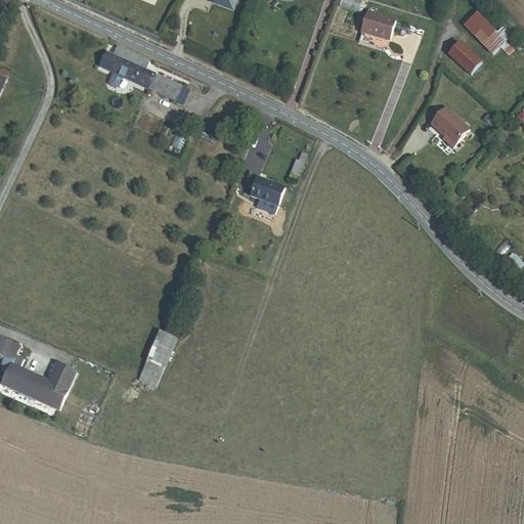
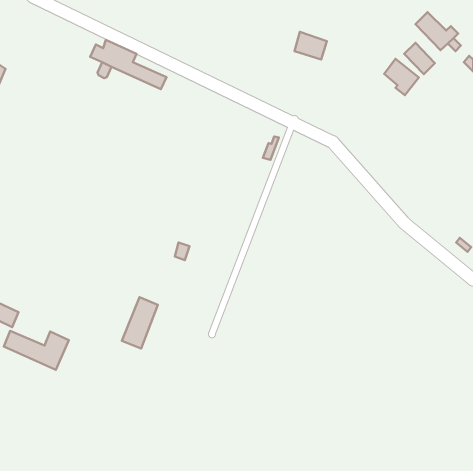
building: [359,7,395,38] -> [294,32,327,60]
building: [427,110,465,149] -> [384,59,419,95]
building: [254,176,286,211] -> none

